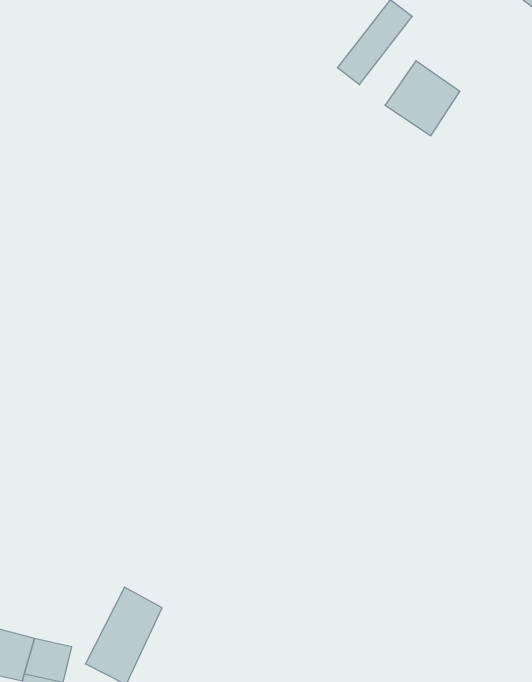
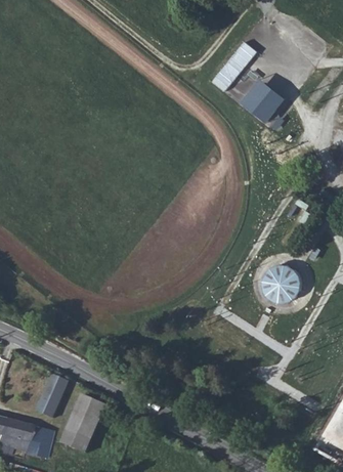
building: none -> [263,266,301,304]
building: none -> [38,373,69,412]

